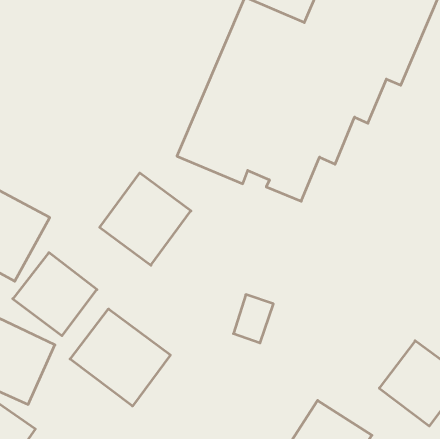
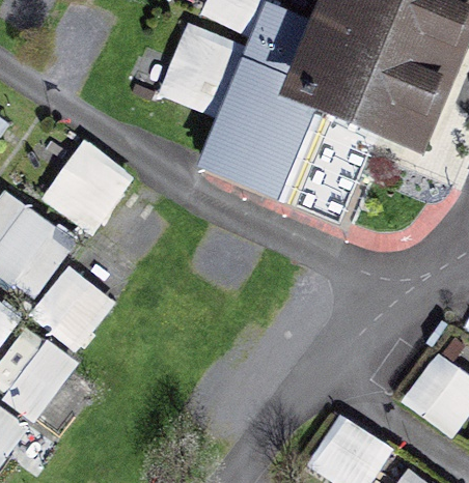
building: none -> [157,22,236,115]
building: [100,173,191,265] -> [43,140,135,233]
building: [70,309,170,406] -> none

